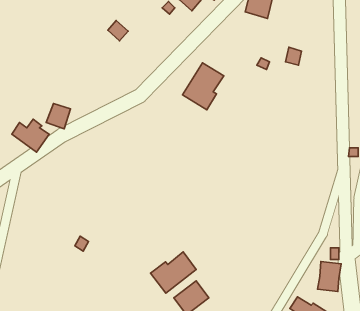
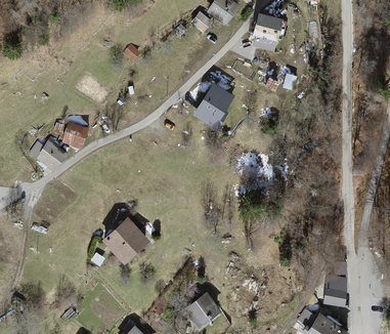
building: none -> [104,219,146,261]
building: [150,252,196,293] -> none

